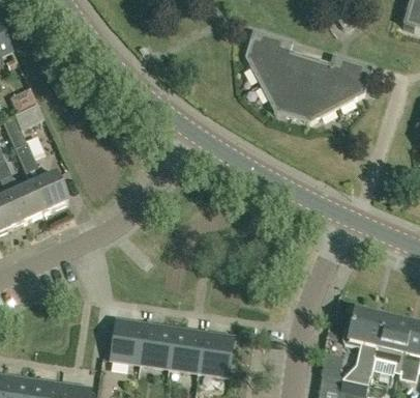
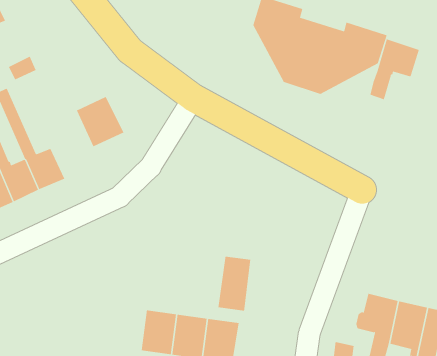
building: none -> [370,38,419,100]
building: none -> [76,96,124,147]
building: none -> [218,256,251,312]
building: [111,319,145,363] -> none

